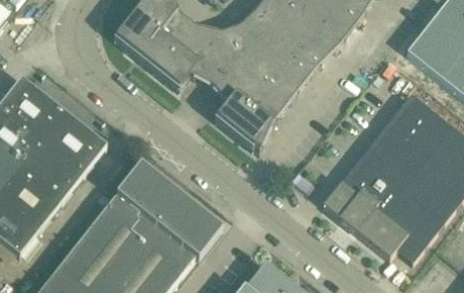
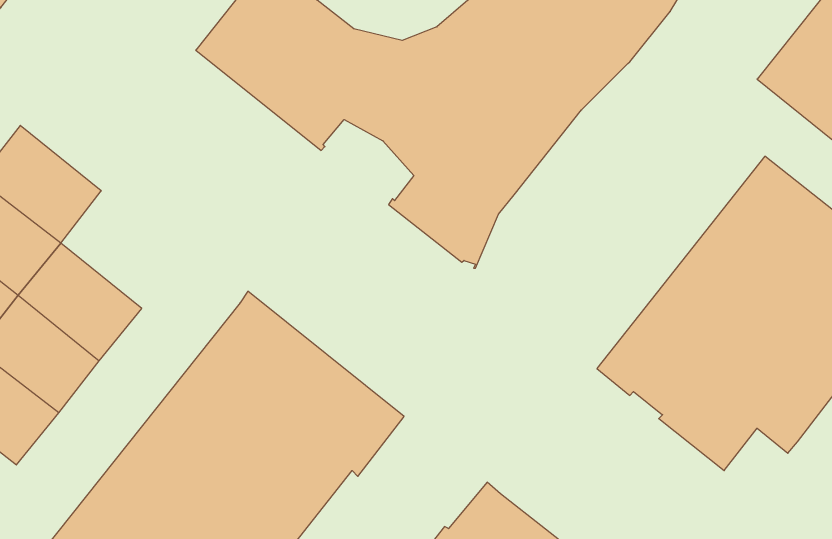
building: [42,109,107,171] -> none

